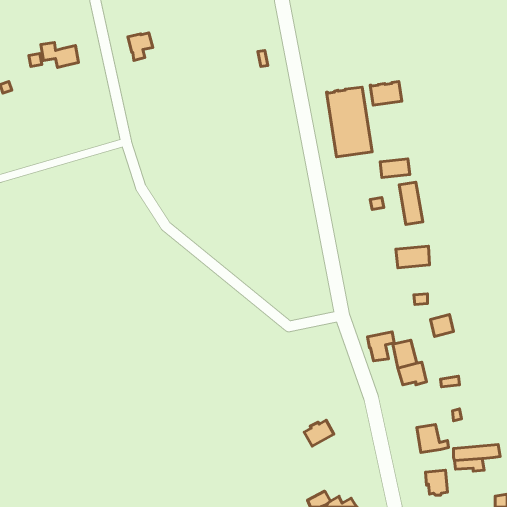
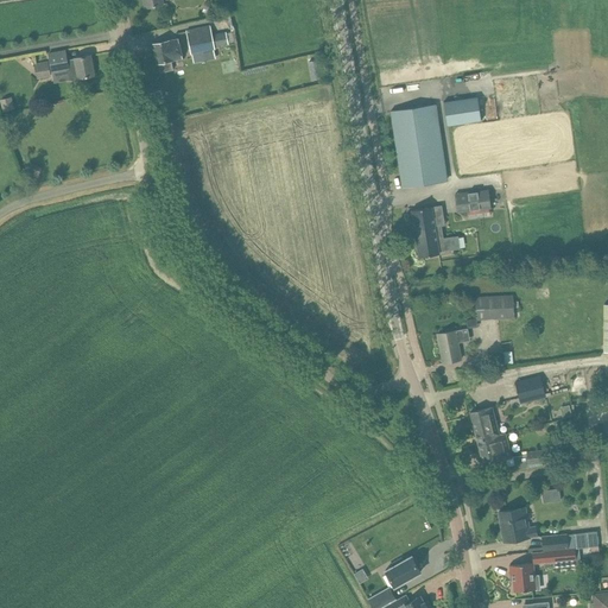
building: none -> [186,26,215,62]
building: [399,182,423,225] -> [411,207,439,258]
building: [368,332,394,361] -> [437,328,469,362]
building: [304,420,334,446] -> [385,556,420,587]

